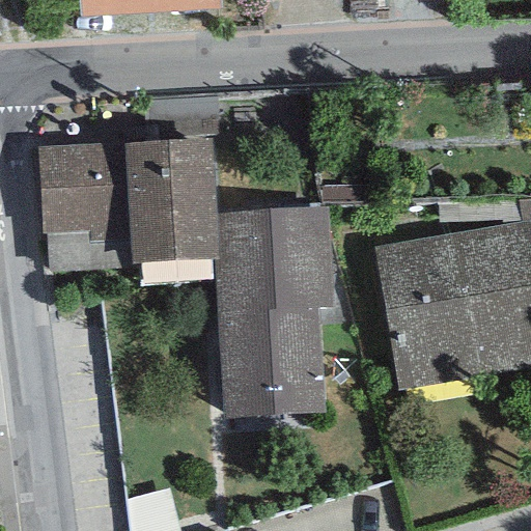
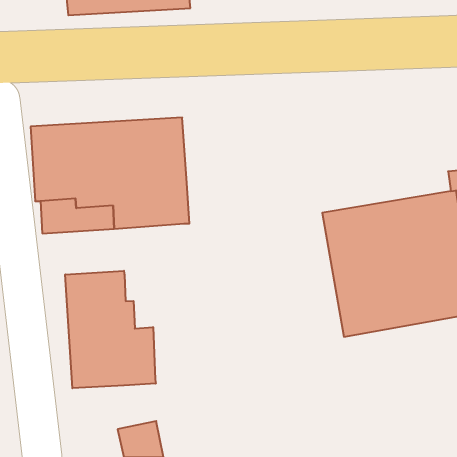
building: [215,204,334,417] -> none
building: none -> [65,271,156,388]

